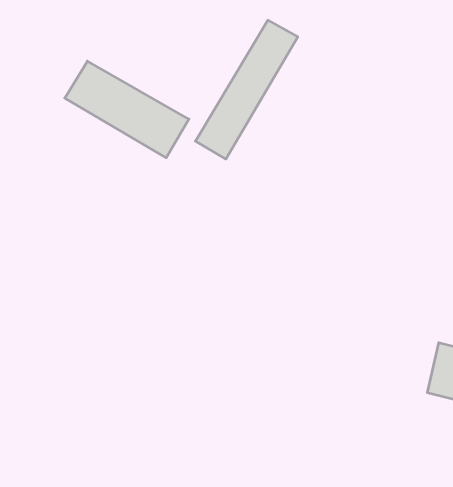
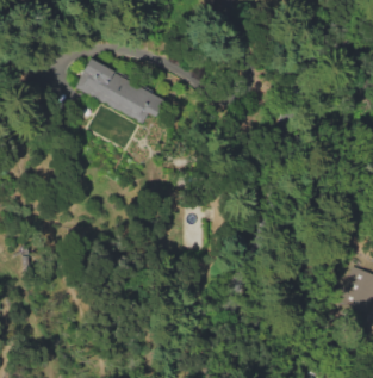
building: [195,20,298,159] -> none

